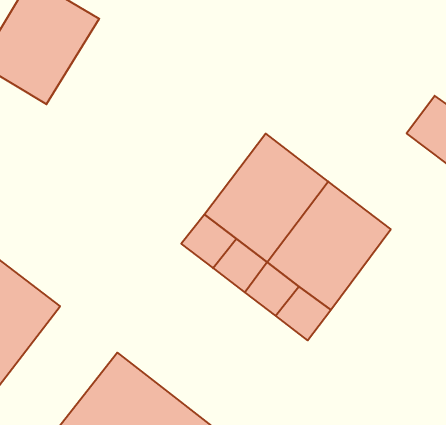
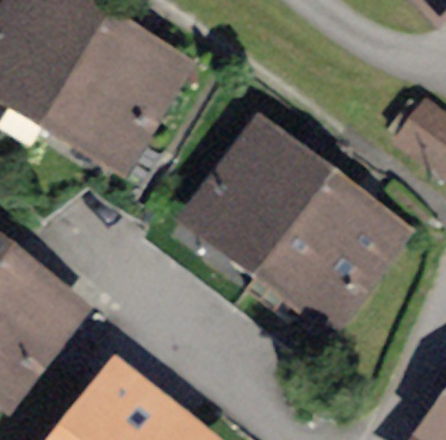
building: none -> [50,21,167,145]

